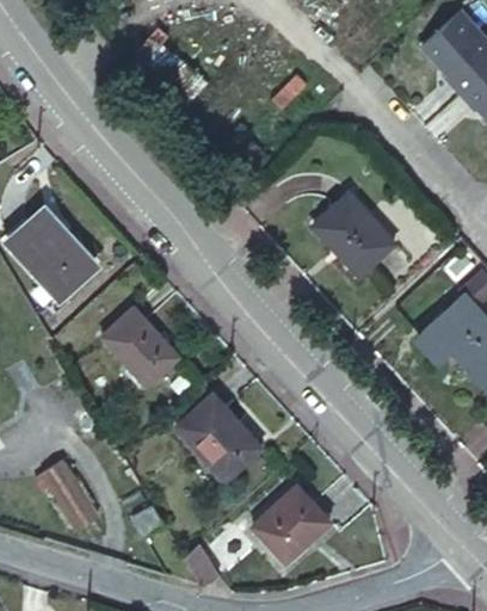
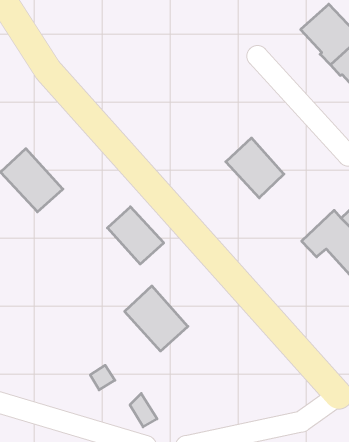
building: [103,308,179,385] -> [107,207,164,264]
building: [41,459,98,529] -> none
building: [255,486,331,562] -> none

